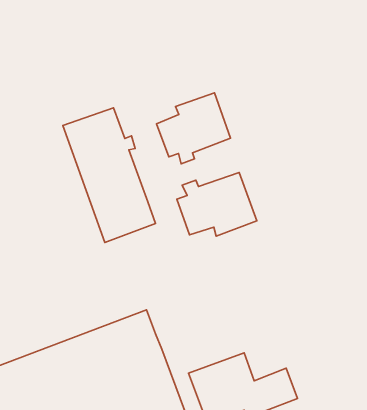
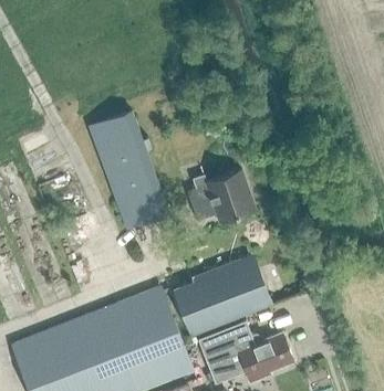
building: [157,93,231,164] -> none
building: none -> [178,263,273,336]

